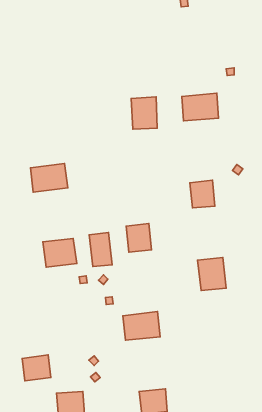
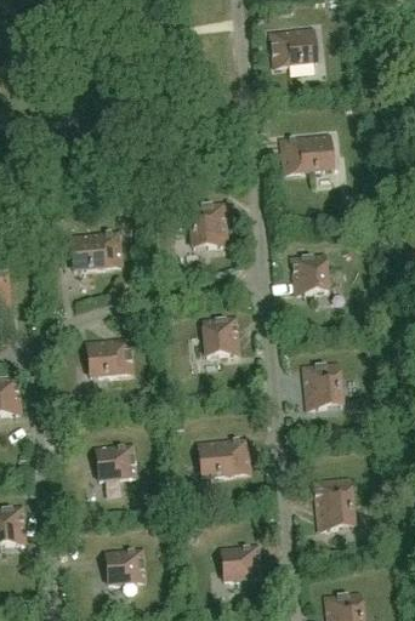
building: none -> [271,29,315,67]
building: [131,97,157,129] -> [189,201,226,246]
building: [89,232,112,267] -> none
building: none -> [313,477,353,529]
building: [22,355,51,381] -> [96,444,136,480]

